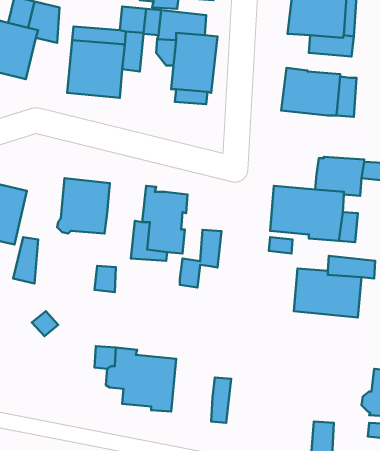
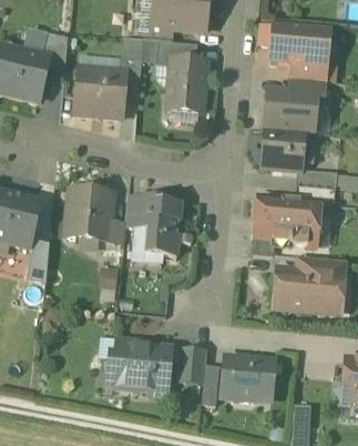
building: none -> [287,78,326,100]
building: none -> [260,129,305,171]
building: [180,230,221,287] -> [108,194,144,245]
building: none -> [177,348,206,383]
building: none -> [221,357,274,399]

